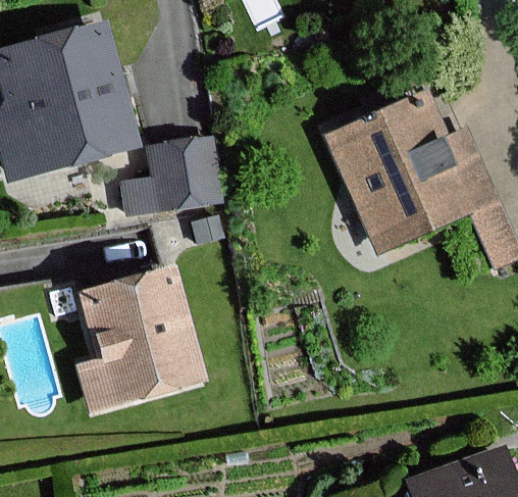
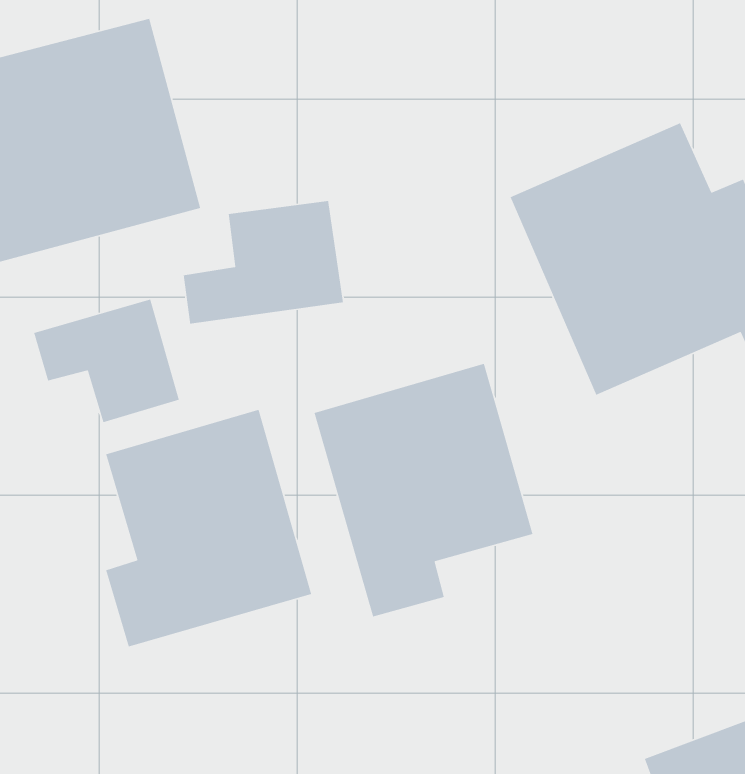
building: none -> [33,299,180,423]
building: none -> [314,363,534,617]

